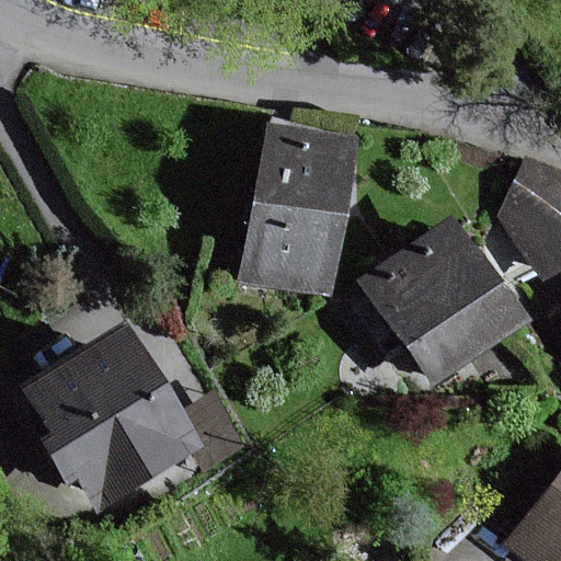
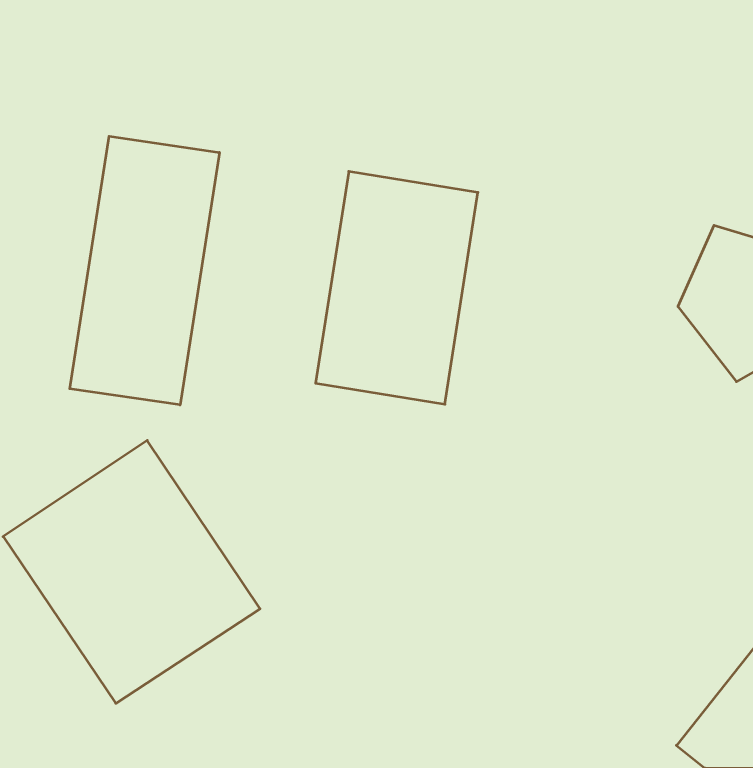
building: none -> [70,136,219,405]
building: [364,222,520,381] -> none

